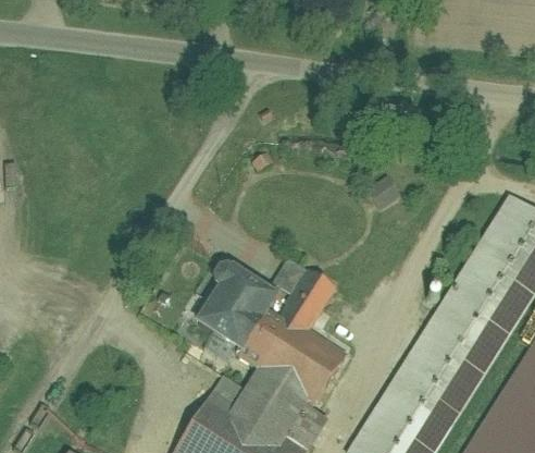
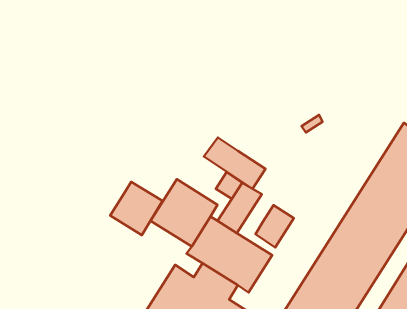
building: none -> [204,138,266,189]
building: none -> [110,182,162,235]
building: none -> [255,205,294,247]

